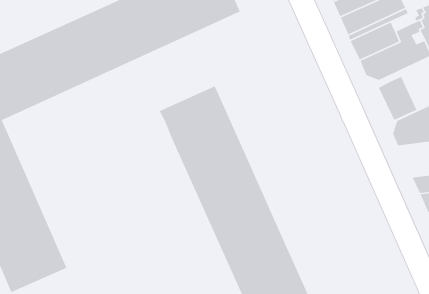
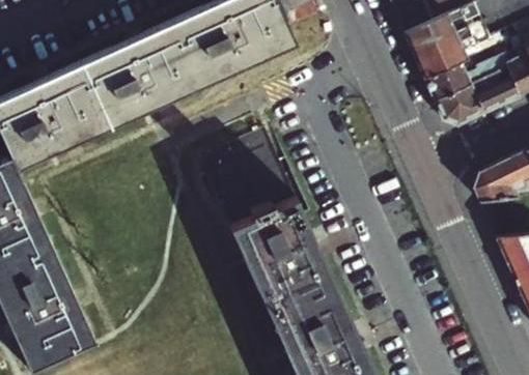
building: [378,76,418,121] -> none

